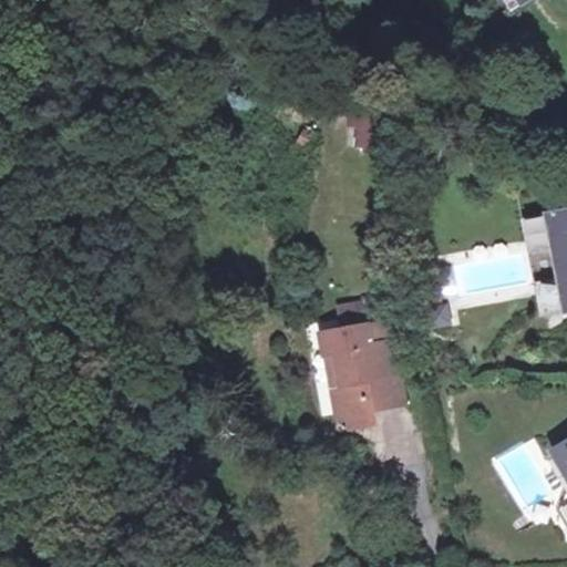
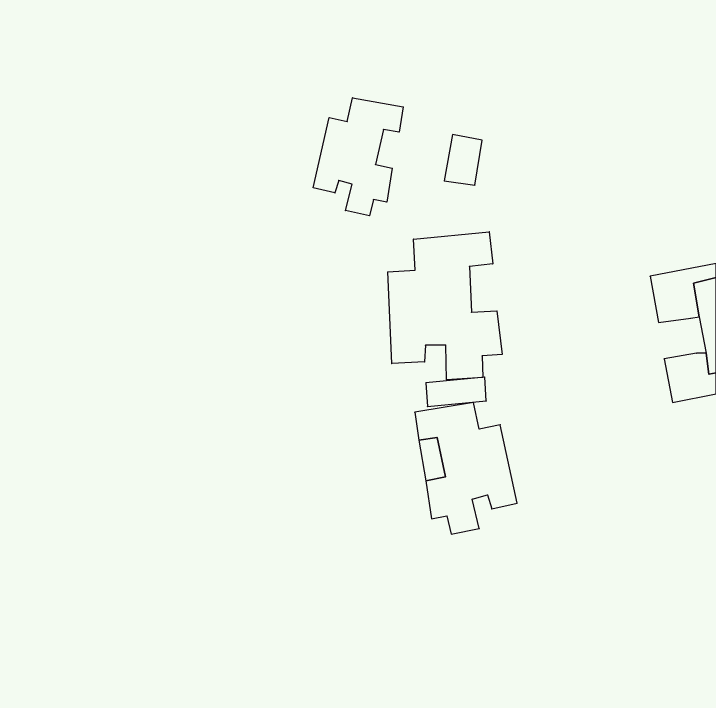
building: none -> [313,98,403,216]
building: none -> [388,232,502,380]

